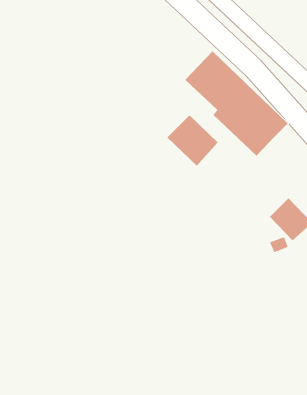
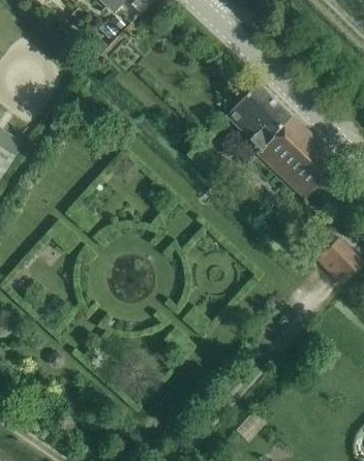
building: [167,115,218,166] -> none

